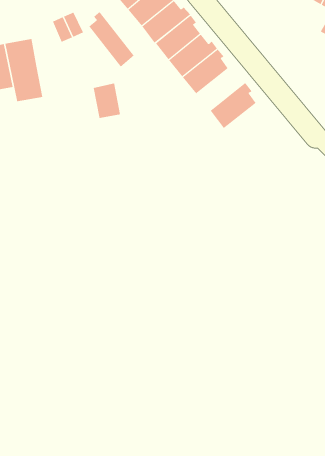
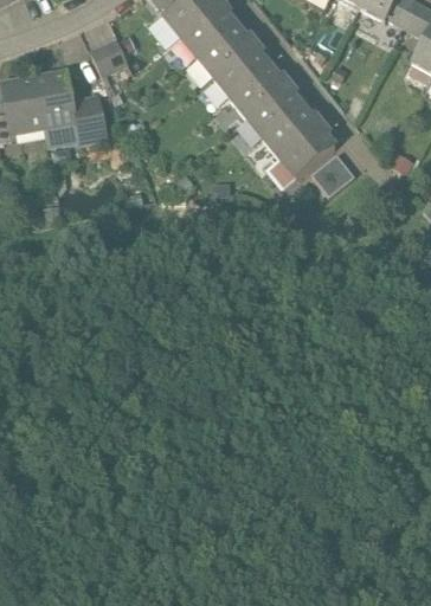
building: [89,11,135,68] -> none
building: none -> [262,105,321,156]
building: [93,83,121,119] -> [72,97,105,140]
building: none -> [310,153,354,195]

